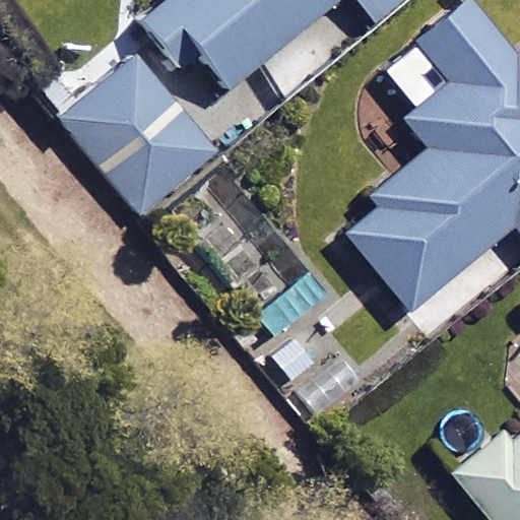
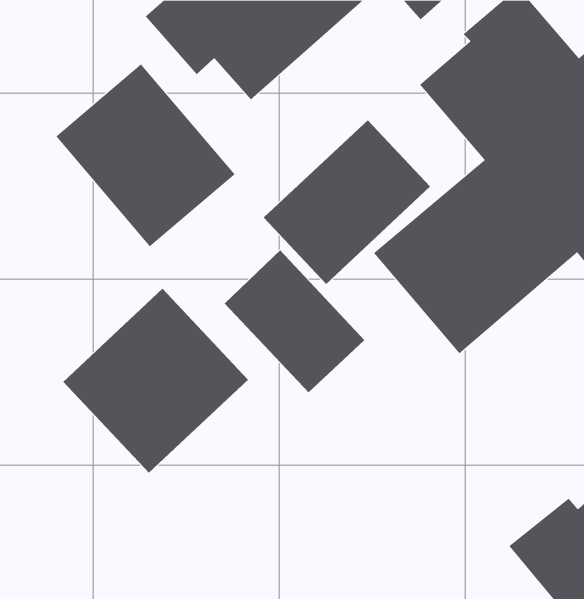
building: none -> [263,119,431,285]
building: none -> [63,288,249,473]

